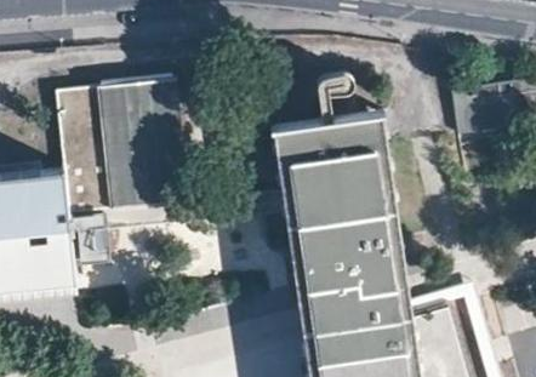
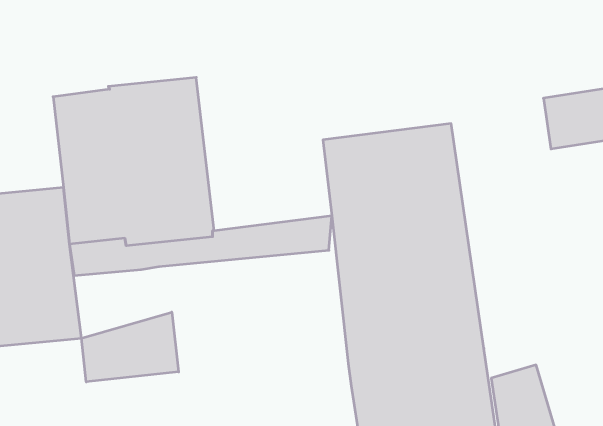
building: none -> [81,312,179,382]

